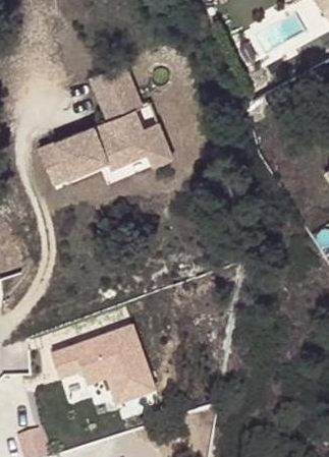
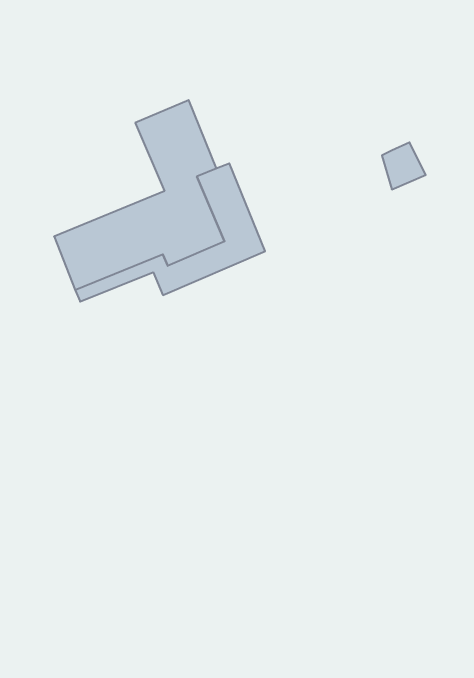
building: [49,326,157,414] -> none

